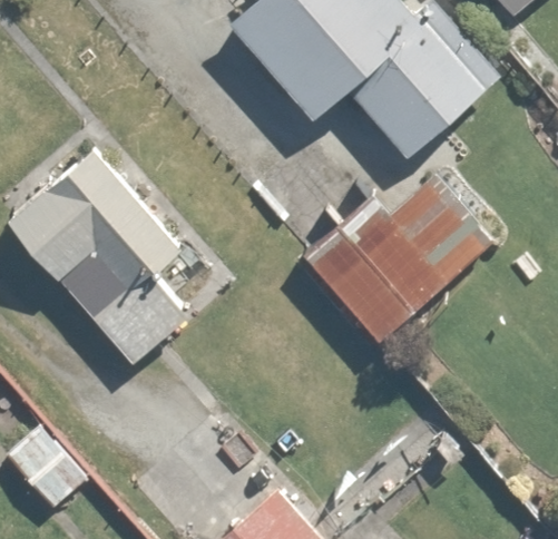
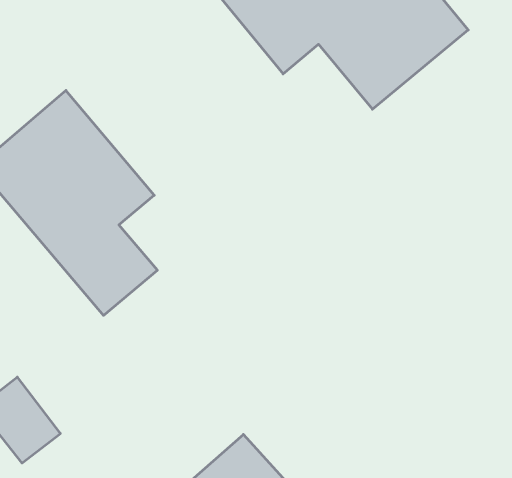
building: [304,176,493,344] -> none

